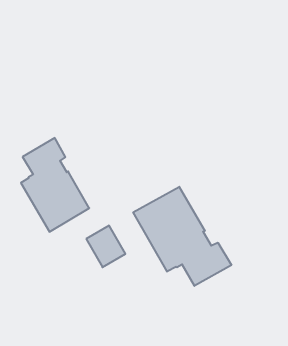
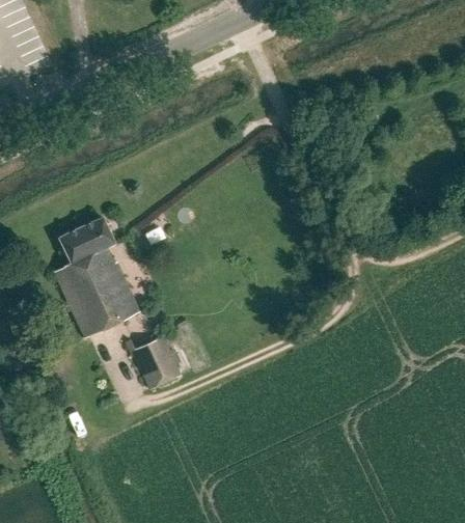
building: [133,187,231,286] -> none

